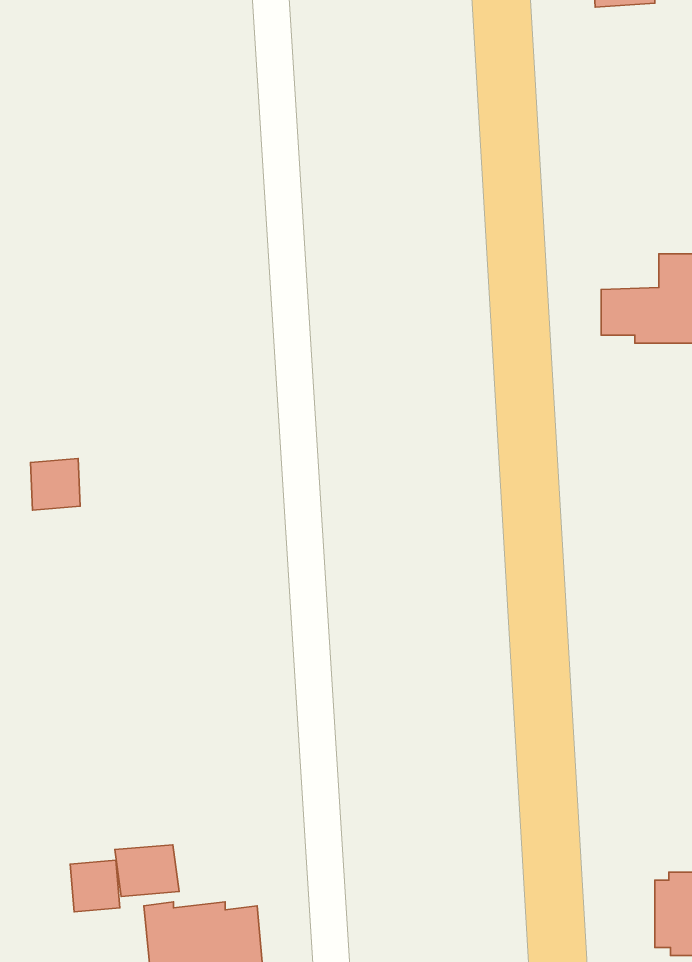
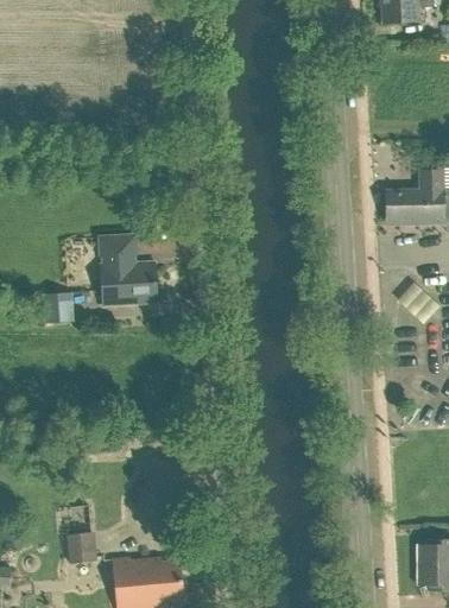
building: none -> [97,234,156,305]
building: [115,845,179,897] -> none

